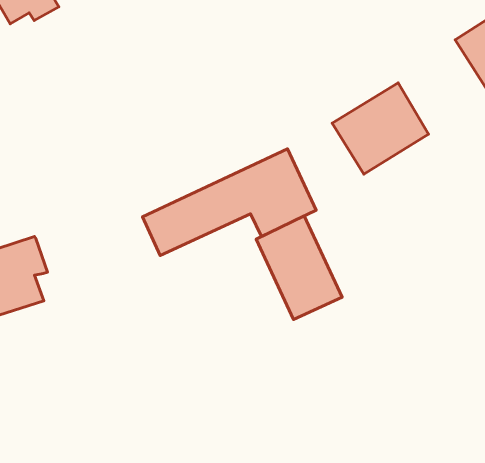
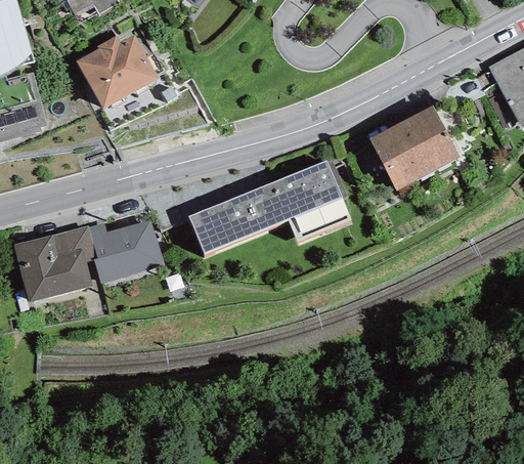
building: none -> [75,45,158,121]
building: [256,216,342,320] -> none
building: none -> [88,219,164,283]

